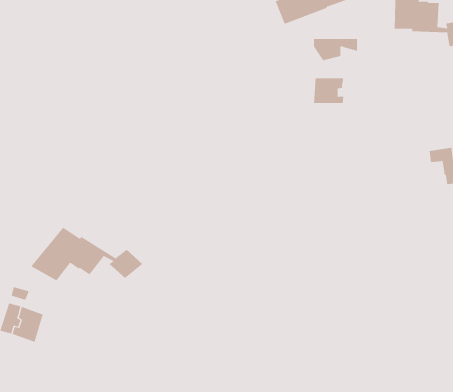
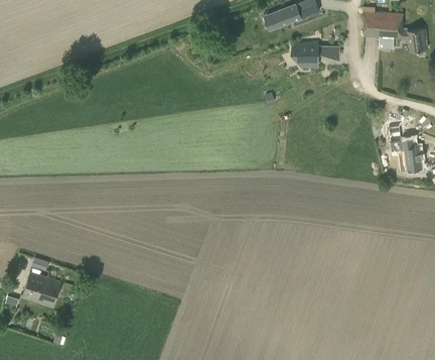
building: [313,77,344,104] -> none
building: [31,227,143,281] -> none

